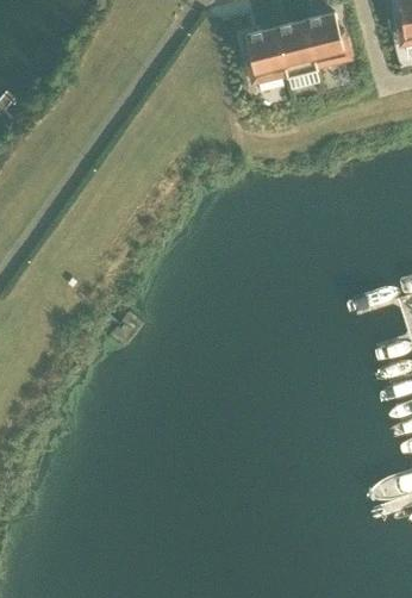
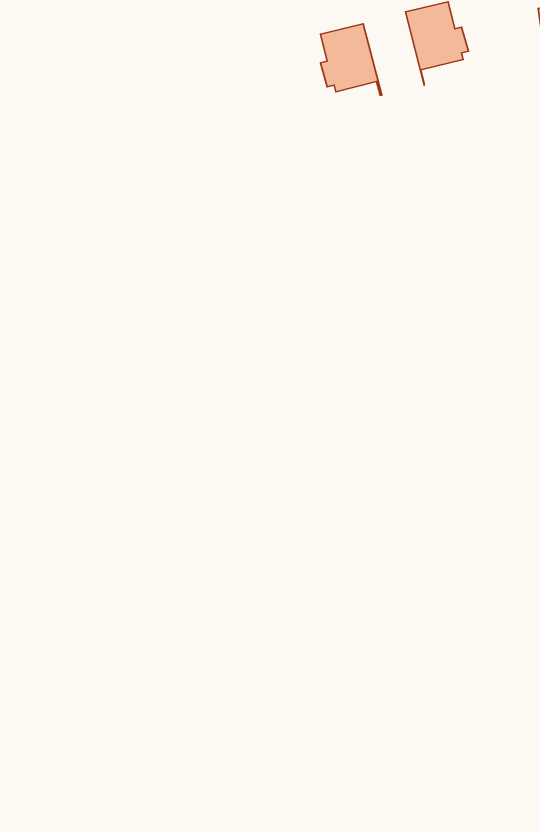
building: [274,19,317,77] -> none

